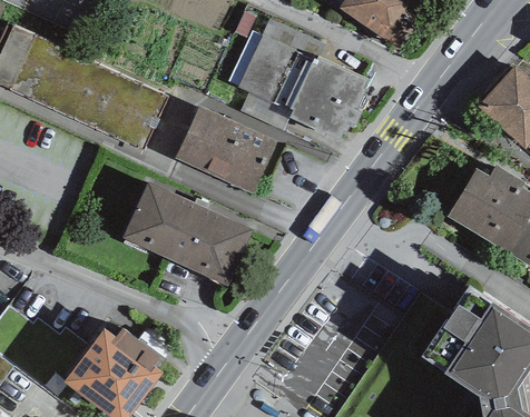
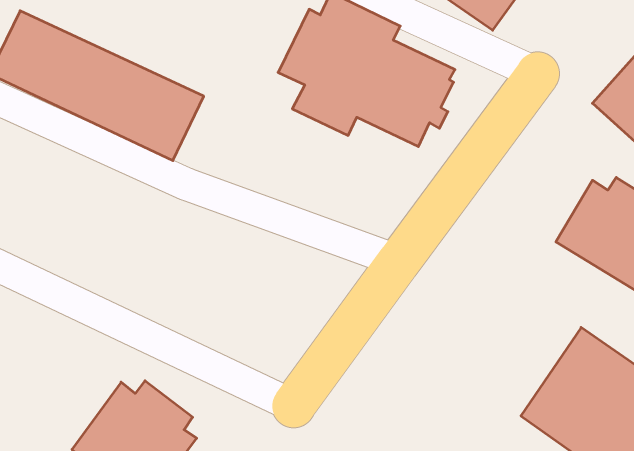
building: [174,106,276,195] -> none
building: [121,181,252,285] -> none

